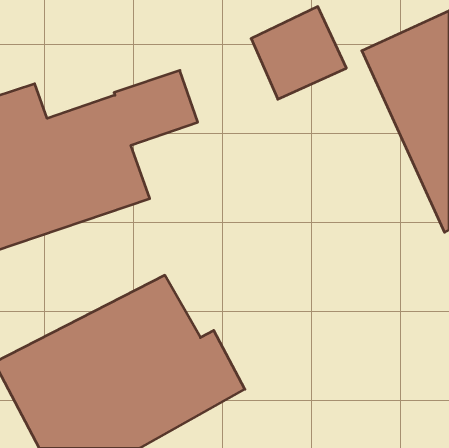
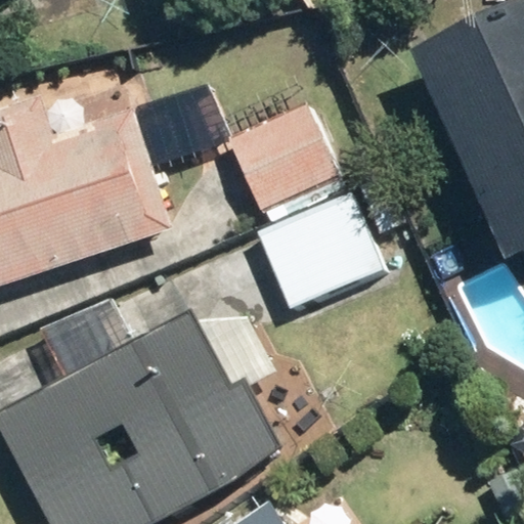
building: [251,7,346,99] -> [229,103,339,210]
building: none -> [257,191,385,309]

